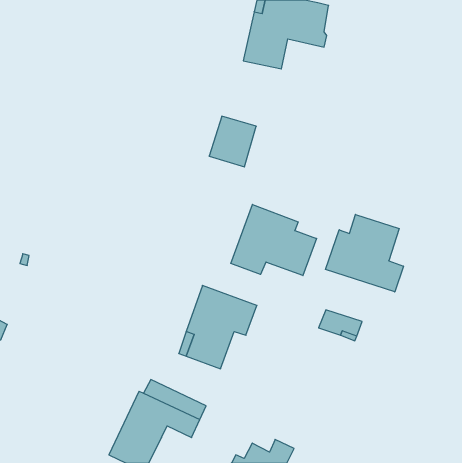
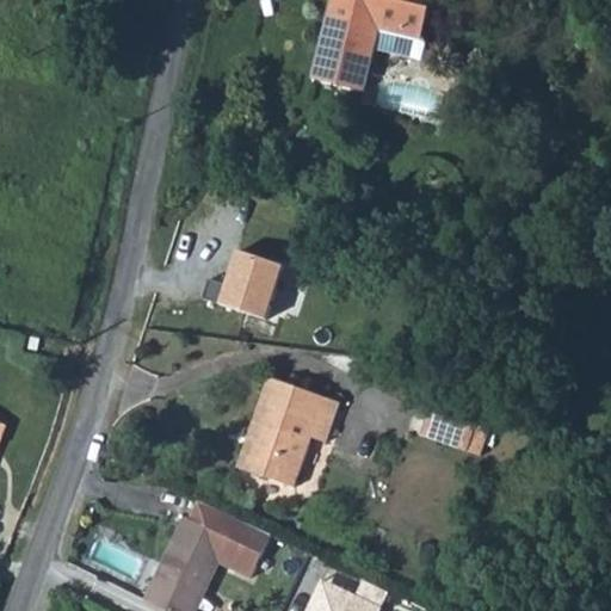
building: [209,116,256,167] -> [216,247,278,314]
building: [231,204,317,276] -> none
building: [326,214,403,292] -> none

